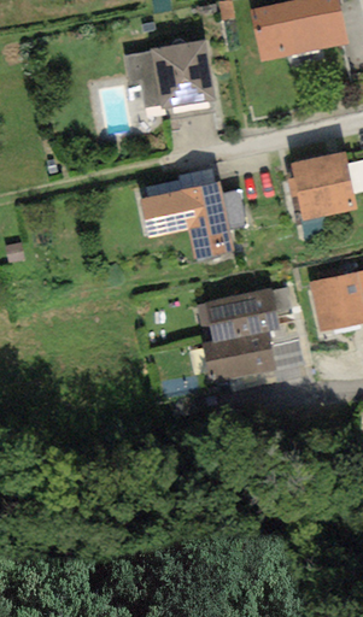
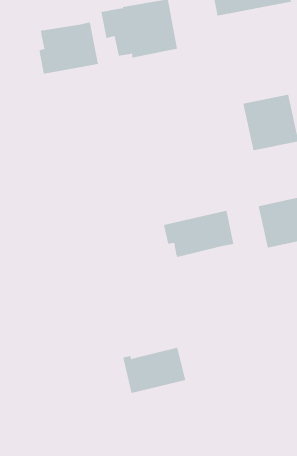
building: none -> [39,21,98,75]
building: [140,180,235,258] -> none
building: [203,329,277,383] -> [122,347,186,393]

